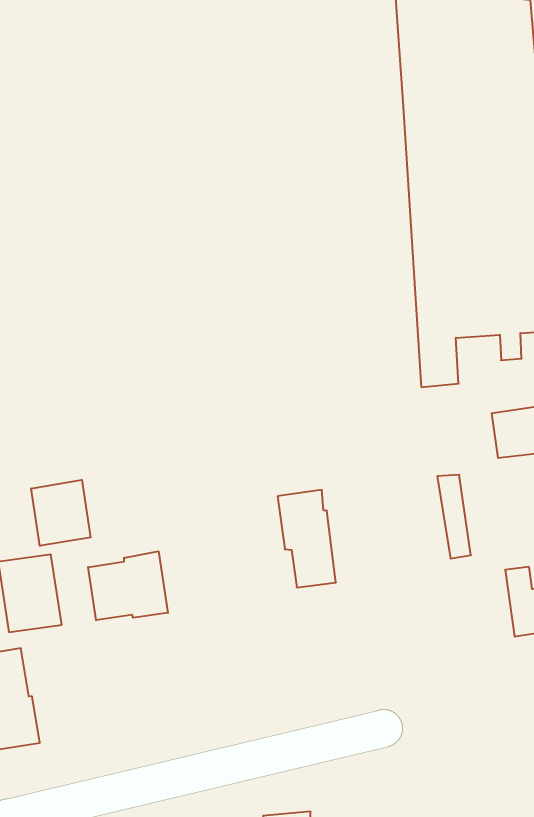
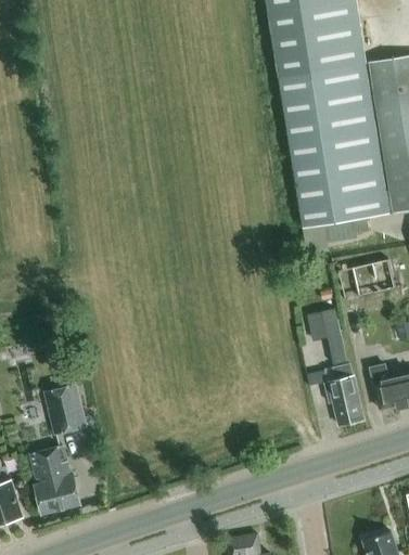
building: [31,480,91,546] -> none
building: [278,490,336,587] -> [321,362,363,426]
building: [88,551,168,620] -> none

